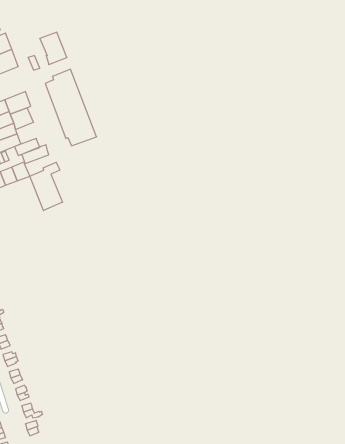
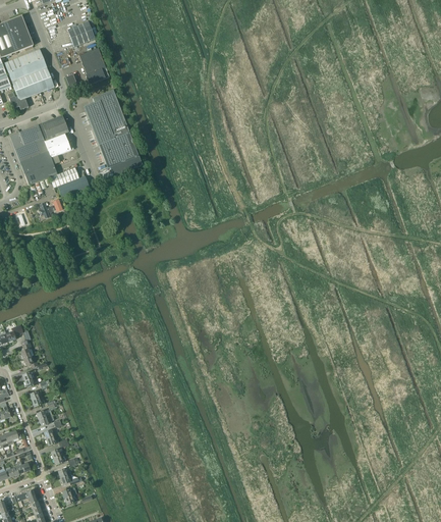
building: none -> [66,20,94,46]
building: [30,162,63,211] -> none

